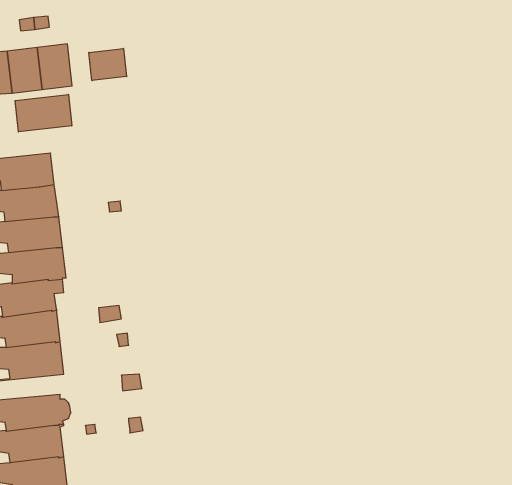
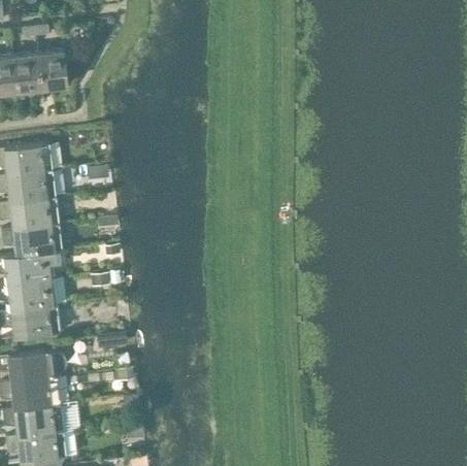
building: [89,48,127,81] -> none
building: [15,94,72,132] -> none

